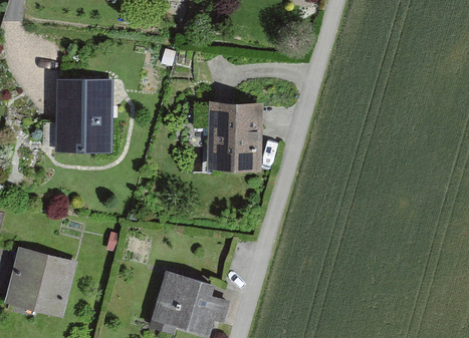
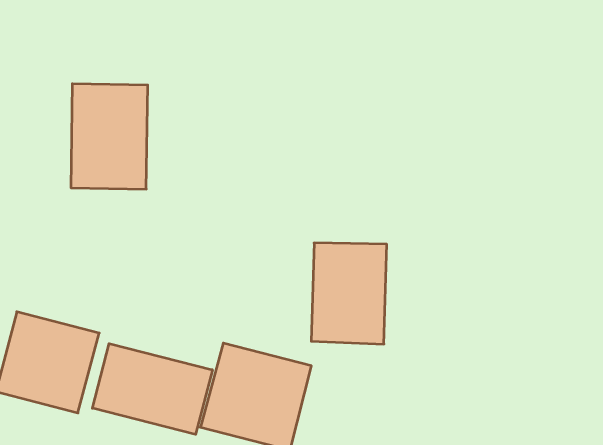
building: [207,99,260,171] -> [311,243,387,344]
building: none -> [92,344,212,434]

